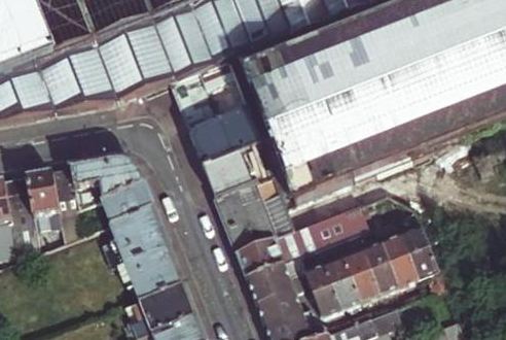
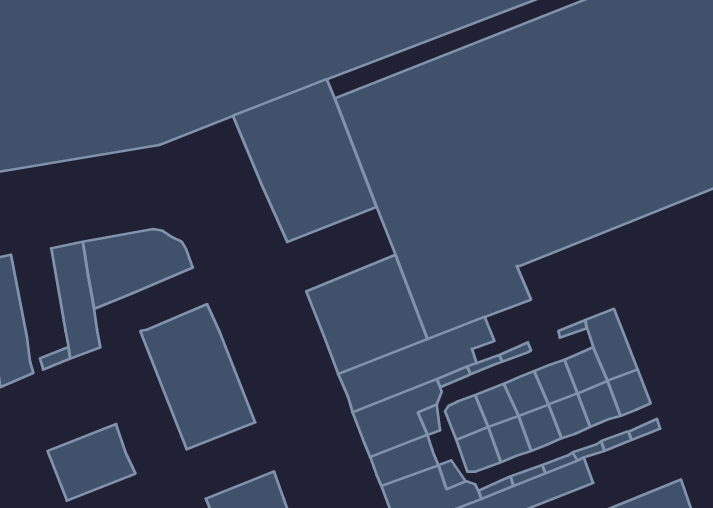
building: [203,143,273,198] -> none
building: [25,170,60,228] -> none
building: [103,182,151,223] -> none
building: [138,282,194,332] -> [48,424,135,501]

